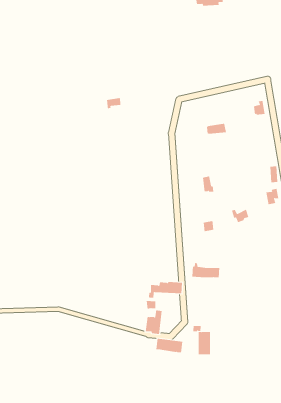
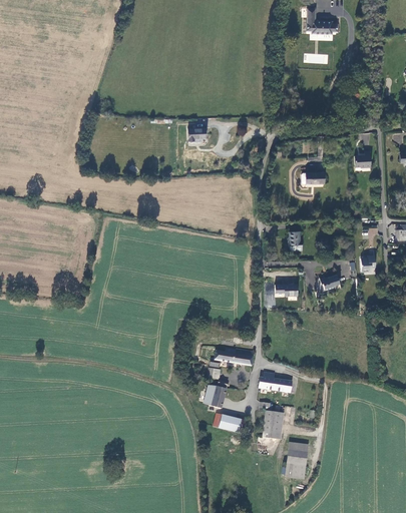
building: [192,263,220,278] -> [258,372,292,393]
building: none -> [285,442,308,478]

